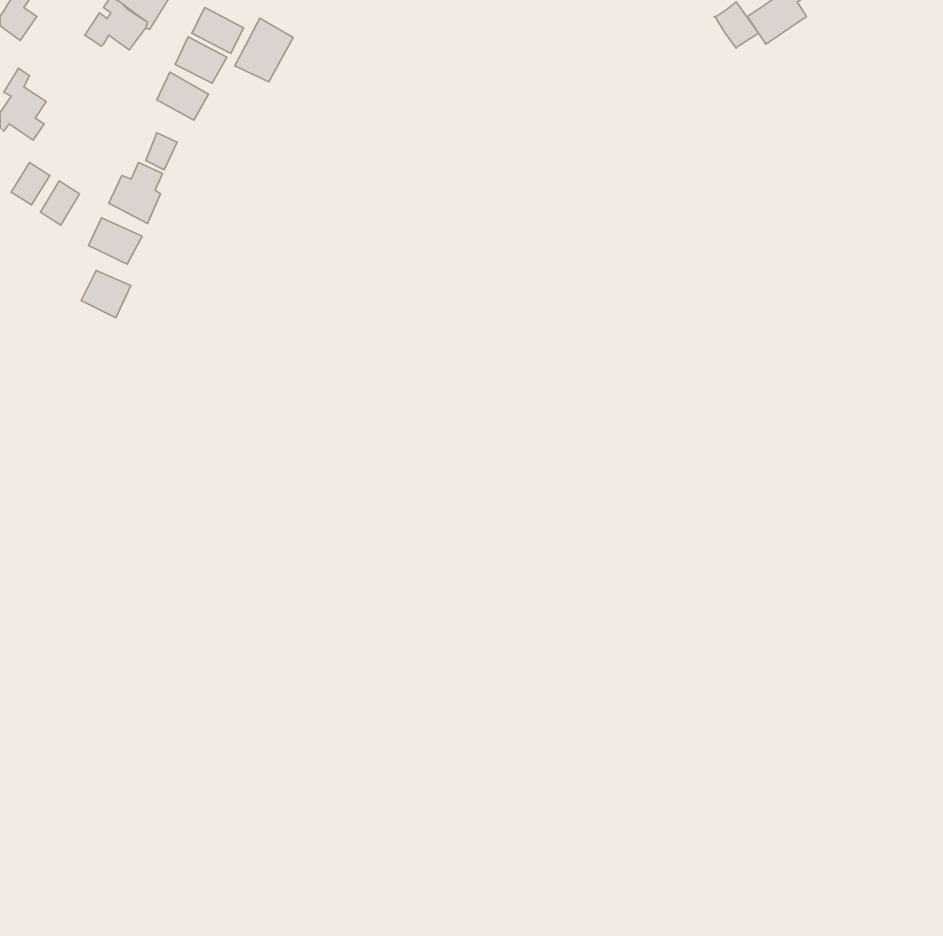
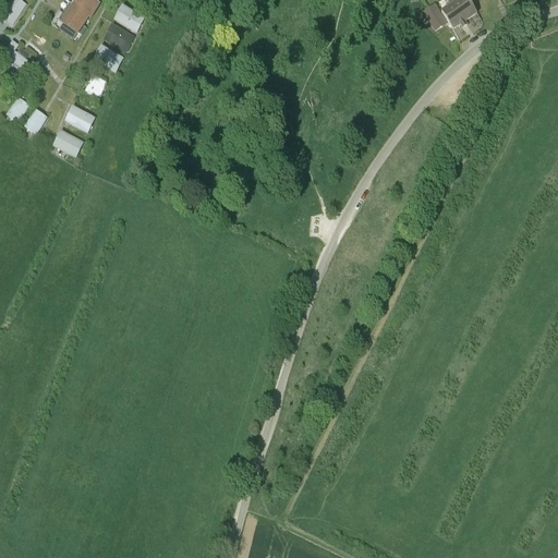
building: [235,18,293,82] -> none
building: [81,270,131,318] -> none

